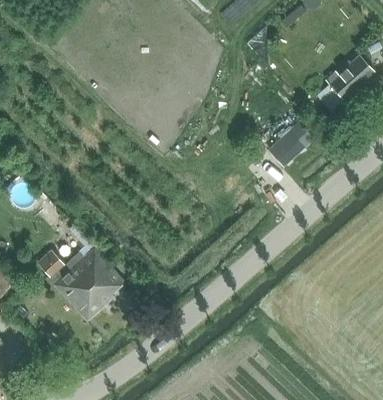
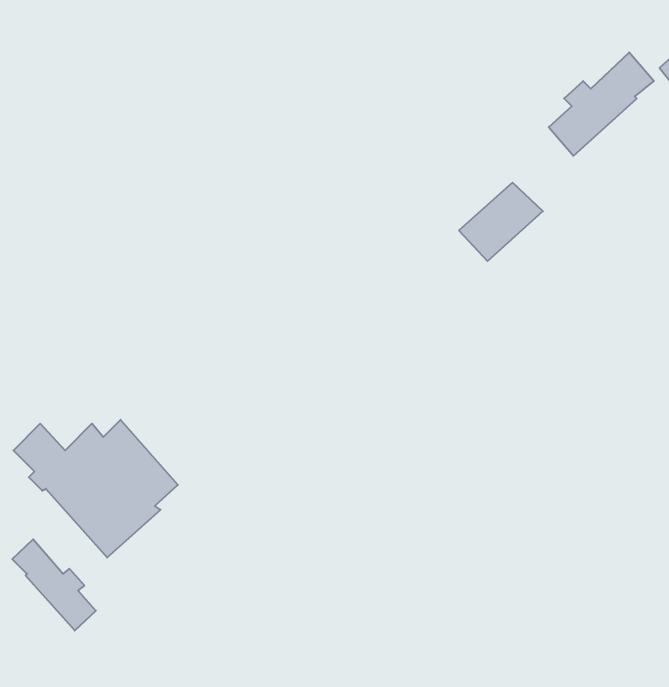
building: none -> [12,539,96,631]

